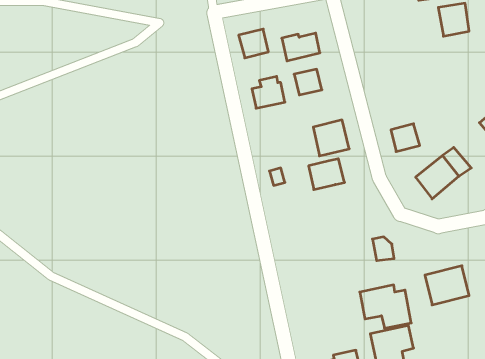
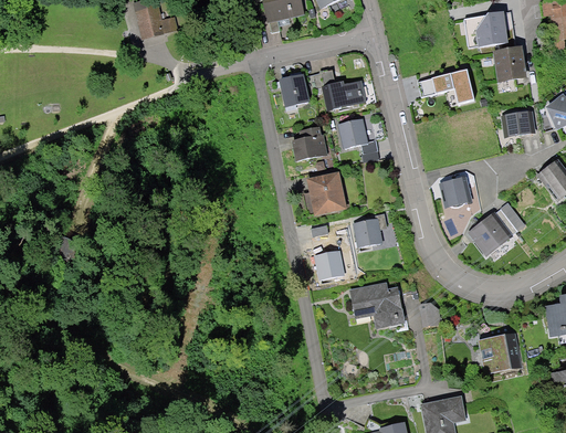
building: none -> [420,67,478,101]
building: none -> [504,113,533,138]
building: [313,120,349,156] -> [307,176,346,214]
building: none -> [316,252,344,278]
building: [360,285,411,328] -> [349,281,405,327]

